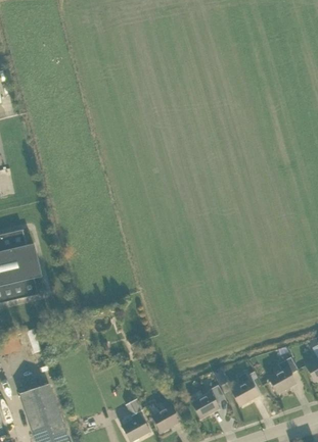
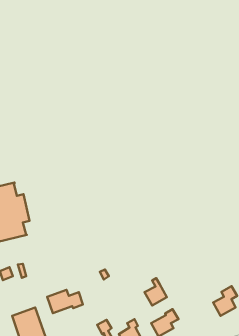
building: none -> [47,290,83,313]
building: [230,371,258,404] -> [145,278,167,305]

